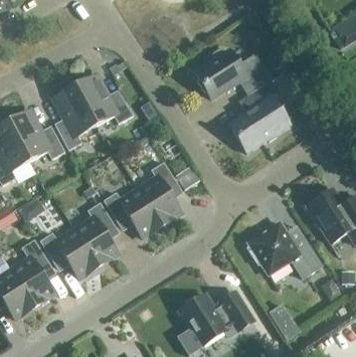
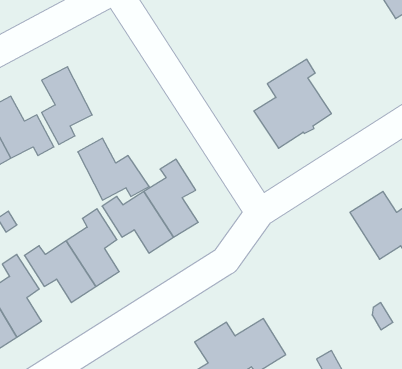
building: [194,49,272,100] -> none
building: [75,75,134,126] -> [78,138,149,200]
building: [247,222,322,279] -> none

